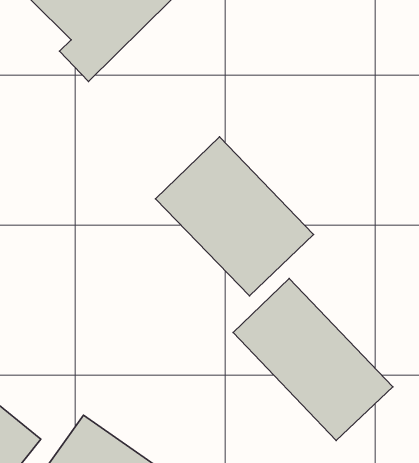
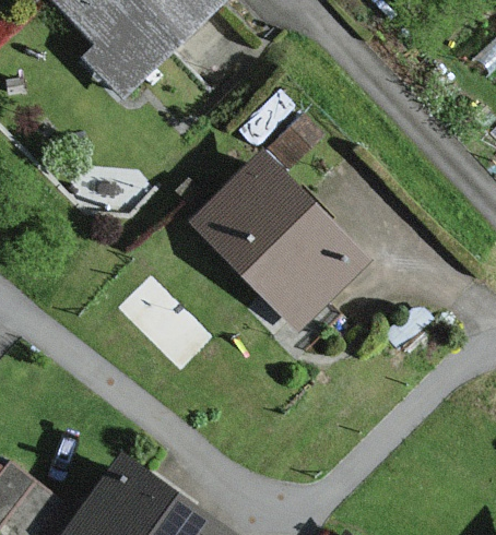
building: [233,278,393,441] -> none

